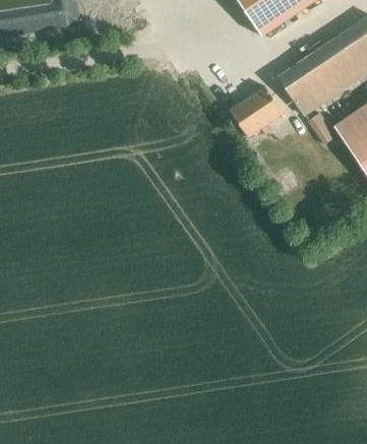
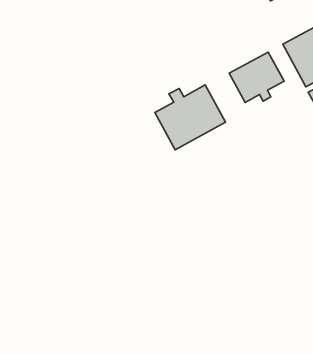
building: none -> [155,85,225,150]

